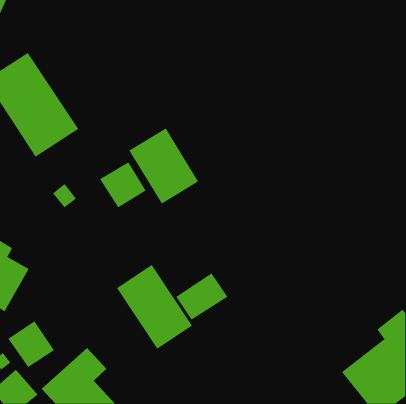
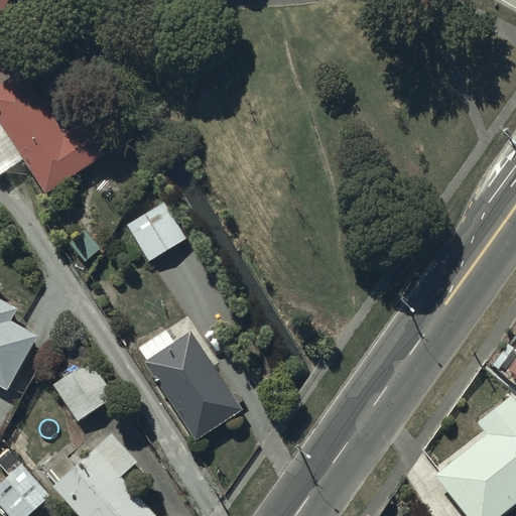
building: [128,127,199,204] -> none
building: [176,273,228,321] -> none
building: [8,321,55,368] -> [53,363,113,422]

